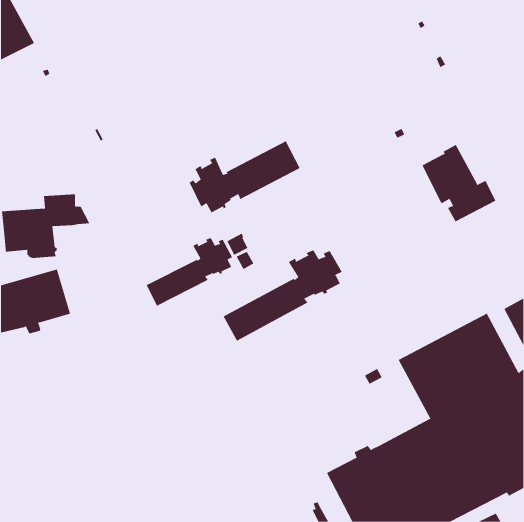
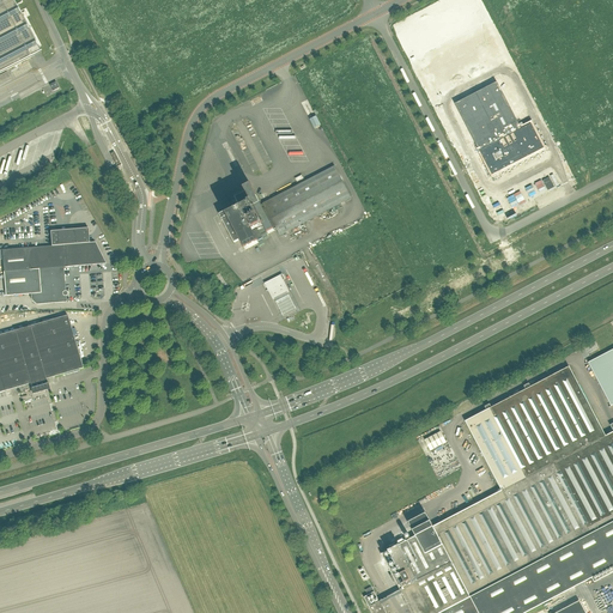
building: [420,144,496,222] -> [455,80,544,171]
building: [146,237,233,306] -> none
building: [223,249,342,341] -> none

